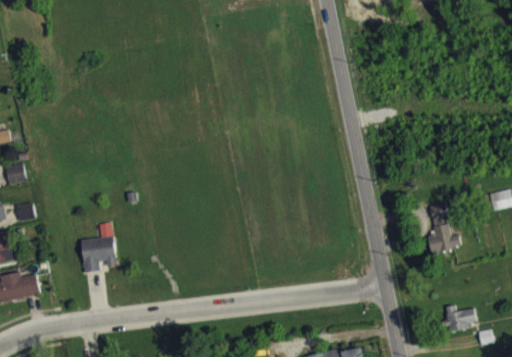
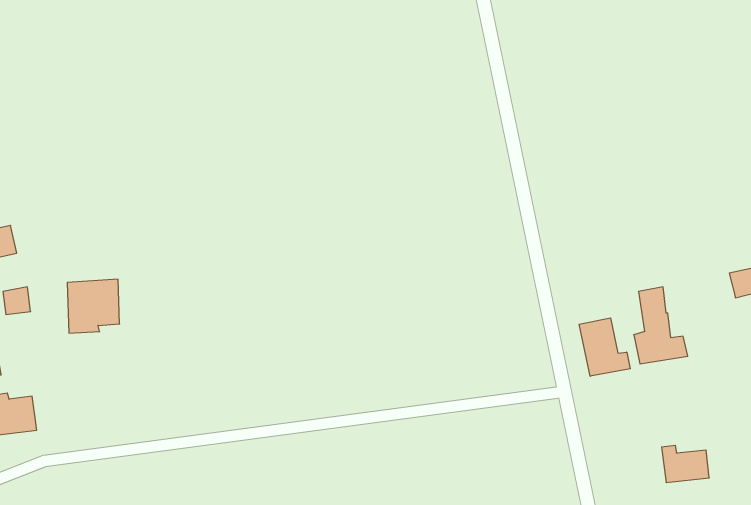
building: none -> [579,318,630,376]
building: [81,236,115,271] -> [67,279,120,333]

